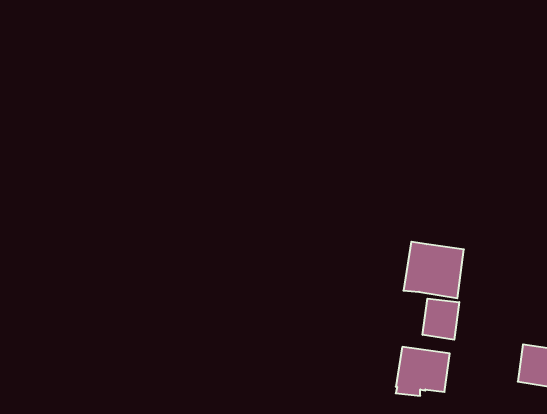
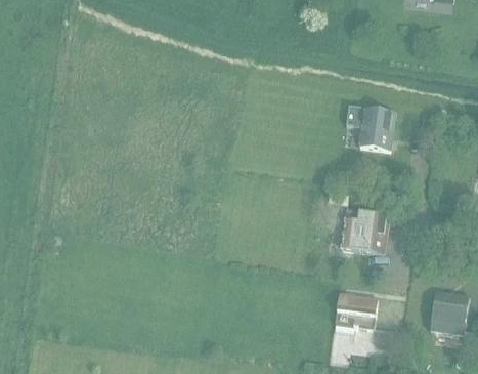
building: none -> [347,106,394,150]
building: [423,299,459,340] -> none

